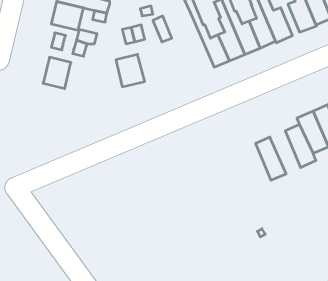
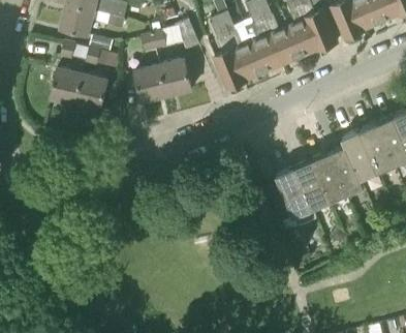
building: none -> [210,14,247,89]
building: none -> [159,58,192,95]
building: none -> [75,73,107,110]
building: none -> [311,152,346,202]
building: none -> [271,166,316,226]

